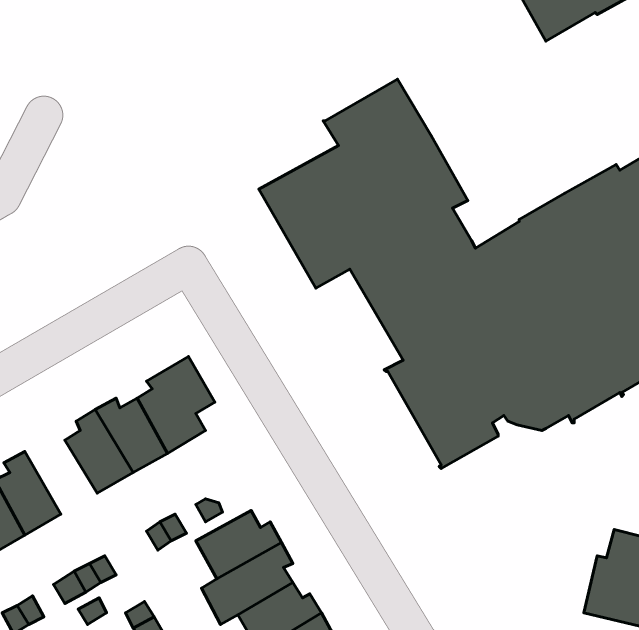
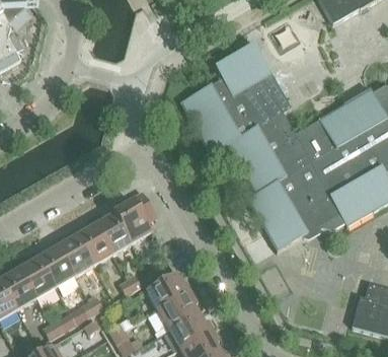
building: none -> [55,236,93,276]

